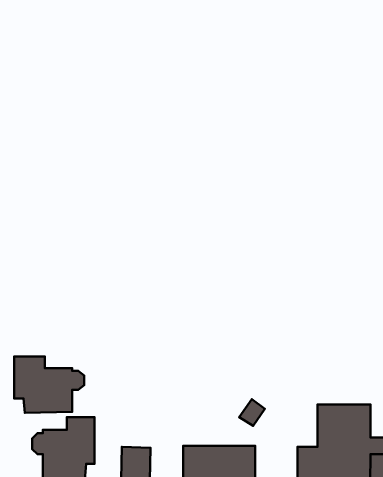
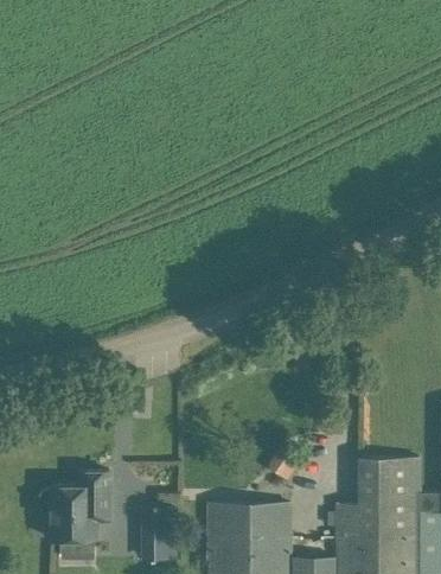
building: [14,357,84,413] -> none

